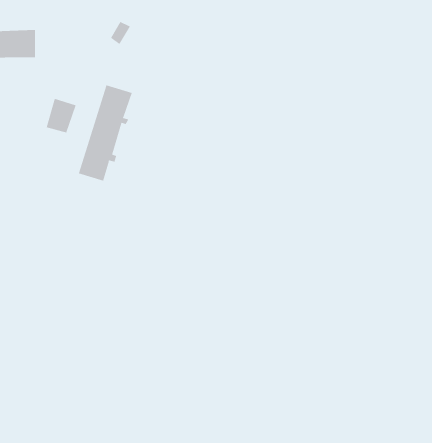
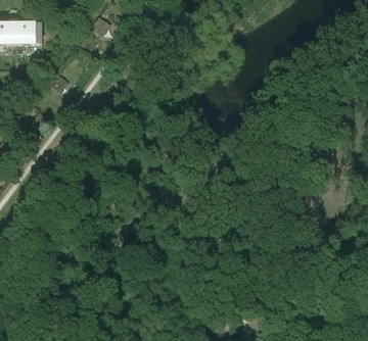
building: [78,84,133,181] -> none

